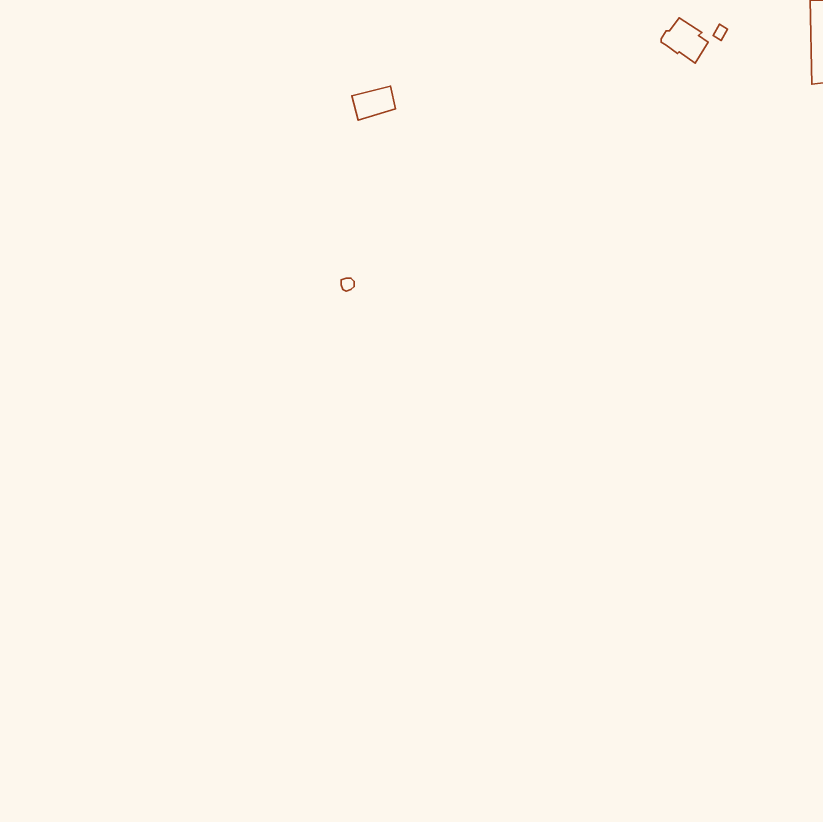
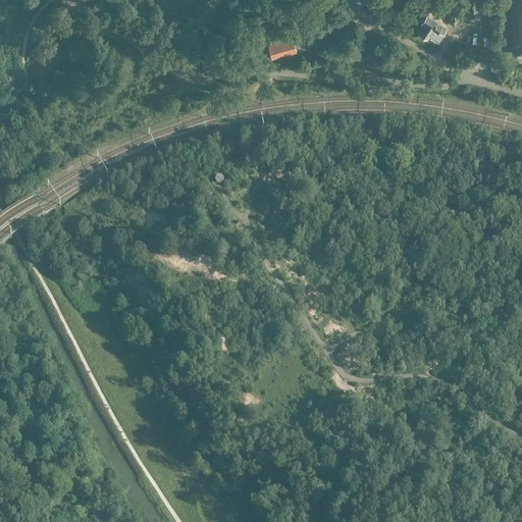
building: [352,86,396,120] -> [271,40,299,61]

